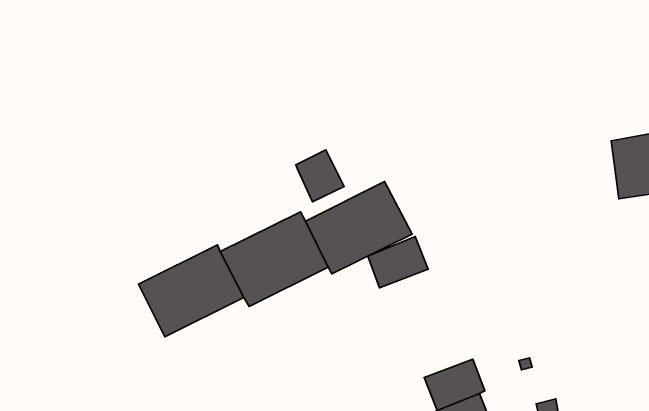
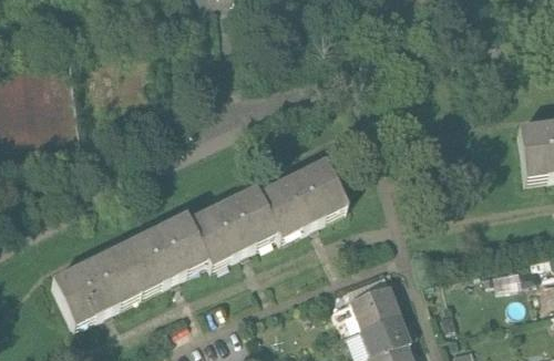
building: [296,150,344,202] -> none
building: [368,236,428,288] -> [348,282,399,326]
building: none -> [51,247,140,324]

